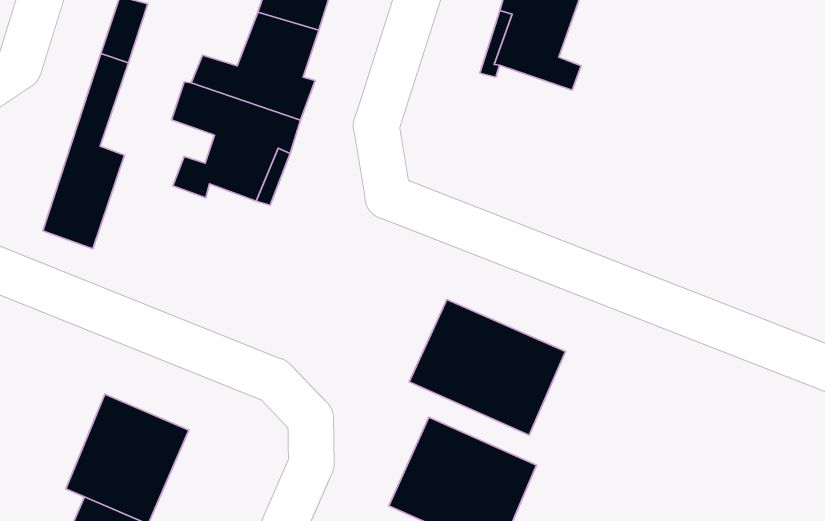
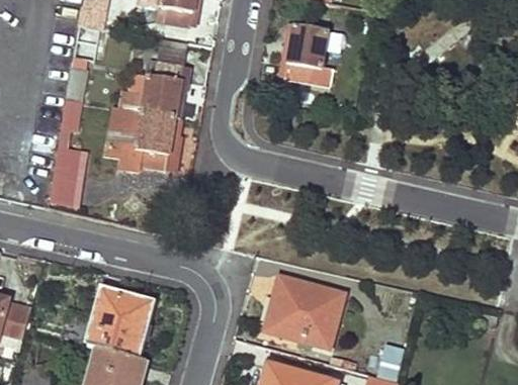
building: [409,300,565,435] -> none

